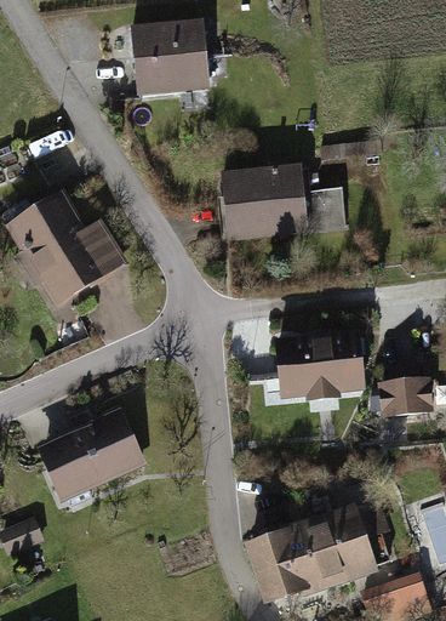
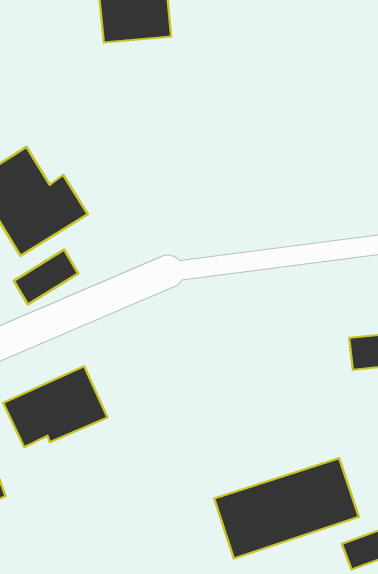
building: [223,170,344,238] -> none
building: none -> [14,250,78,305]
building: [278,332,361,397] -> none

